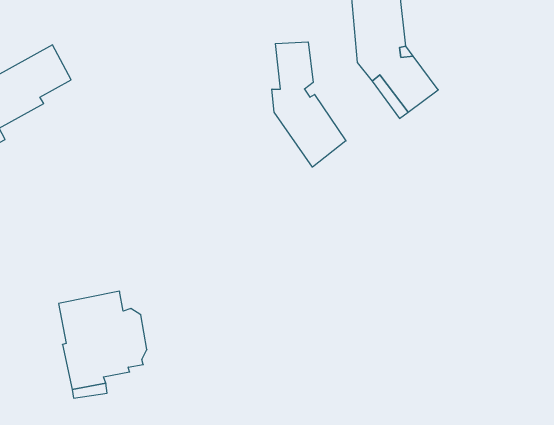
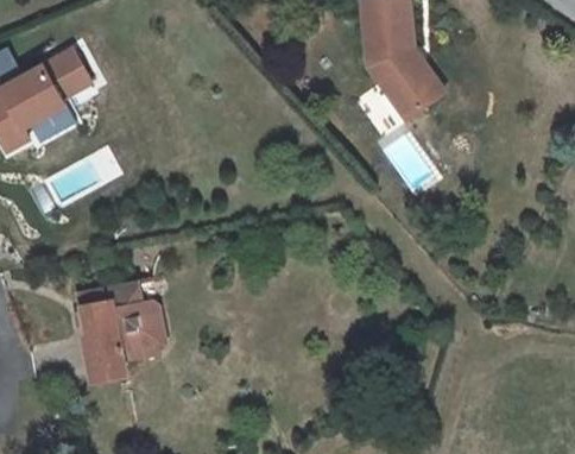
building: [272,42,346,167] -> none

